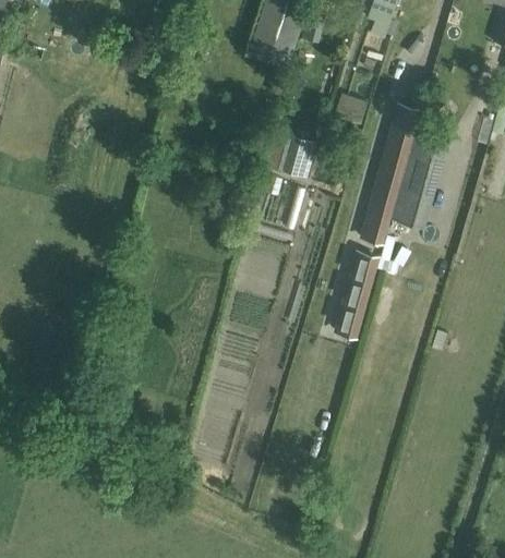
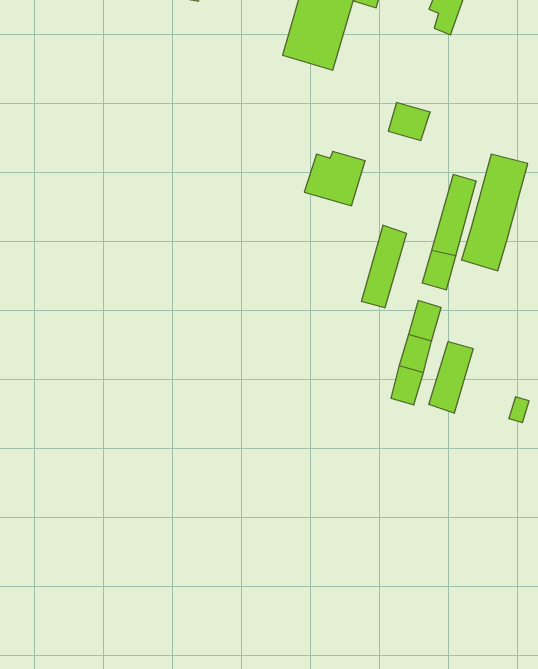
building: none -> [362,225,407,308]
building: none -> [429,341,473,413]

